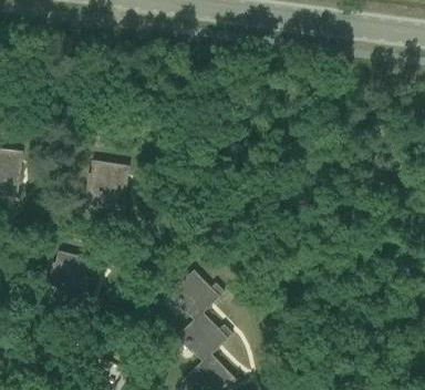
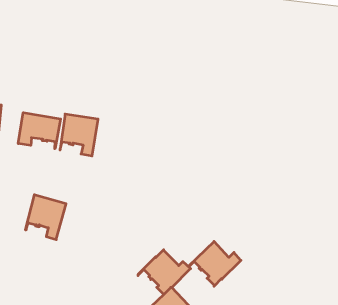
building: none -> [18,113,61,149]
building: [164,270,222,320] -> [188,241,241,286]

